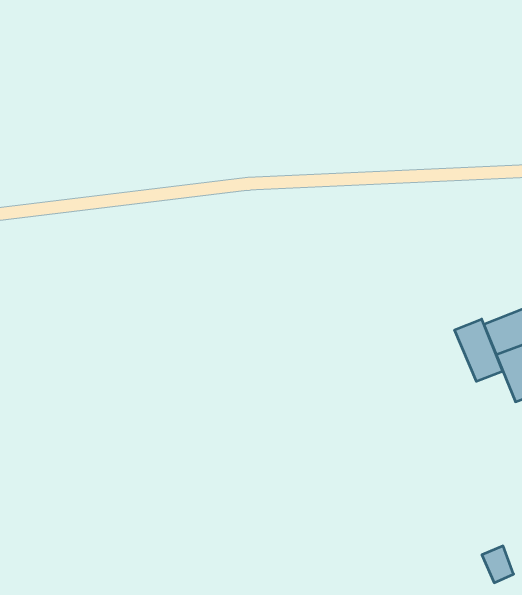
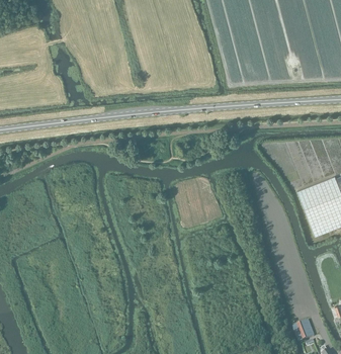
building: [455,319,502,381] -> none

